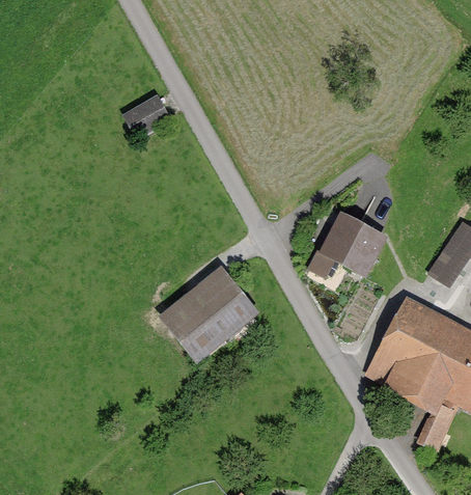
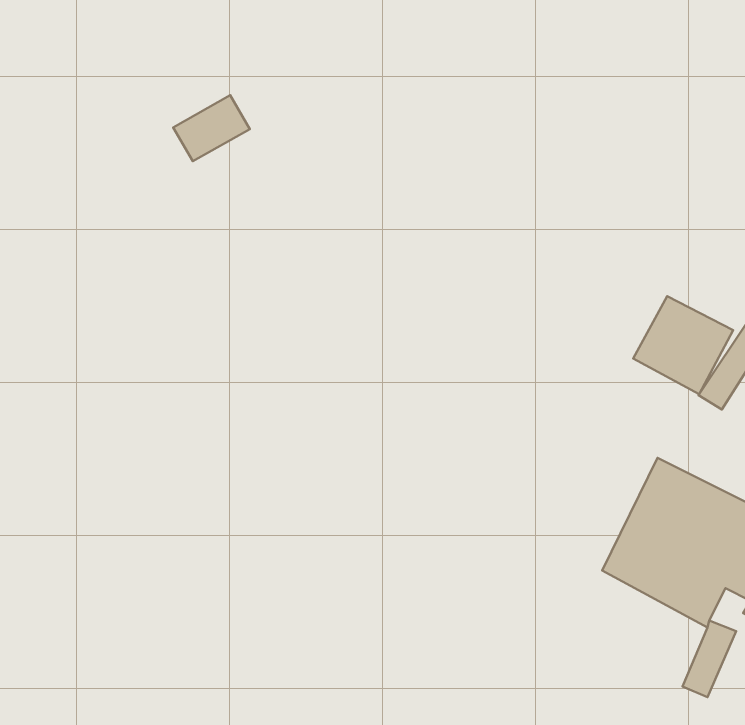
building: [325,215,383,272] -> [633,296,733,394]
building: [172,276,252,352] -> none

